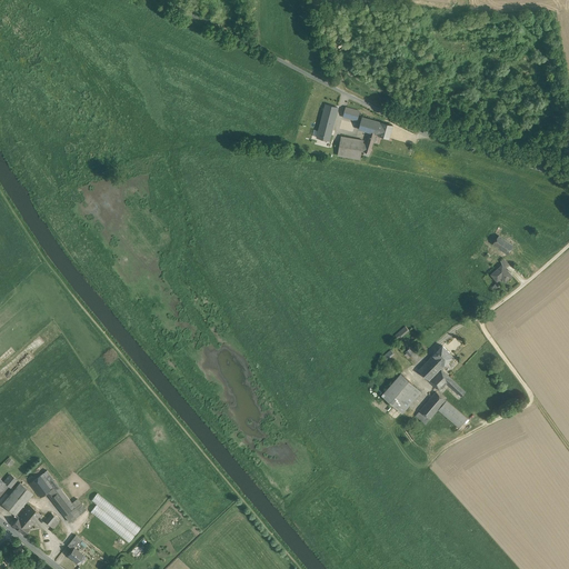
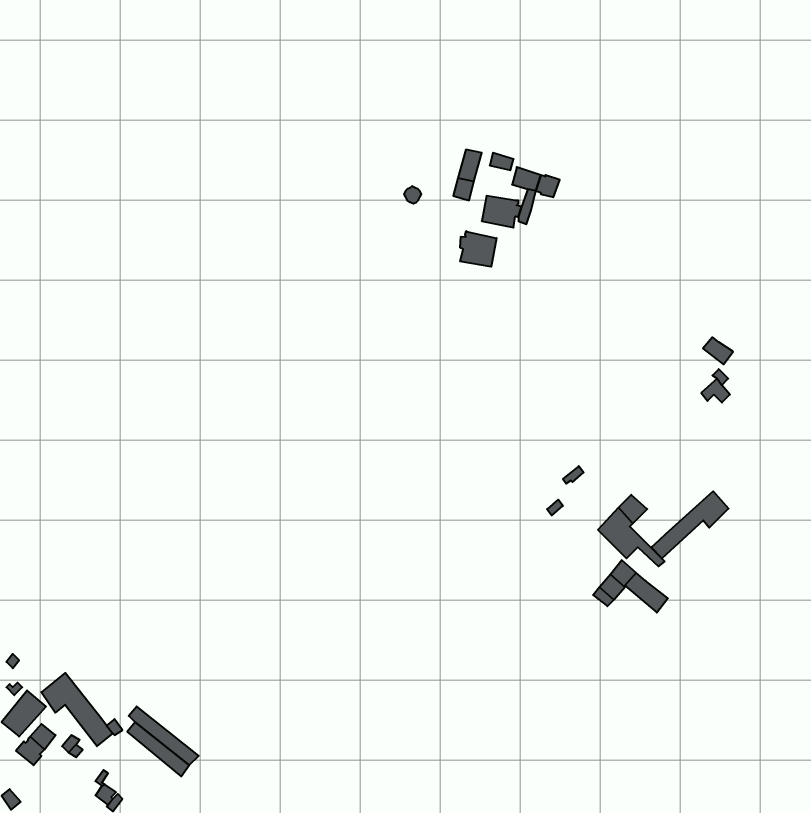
building: none -> [460,231,497,267]
building: none -> [651,491,729,559]
building: [380,373,420,413] -> none

